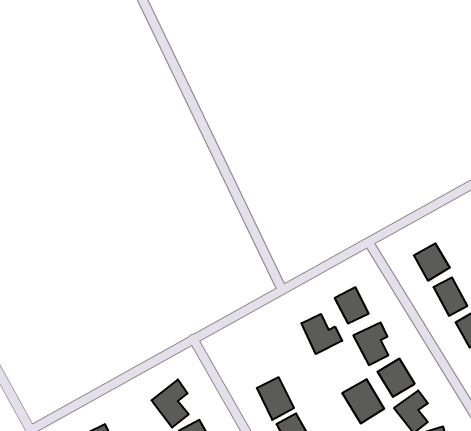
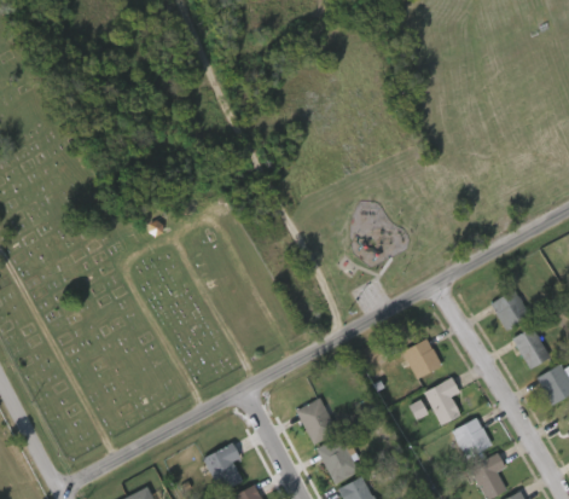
building: [301,314,342,354] -> none
building: none -> [297,399,337,445]
building: [342,379,384,424] -> none

